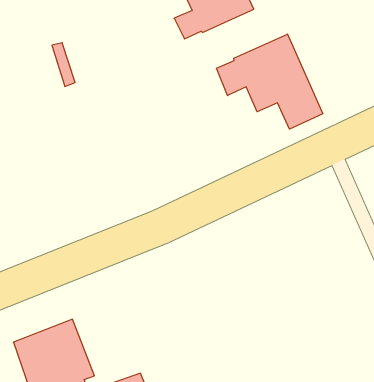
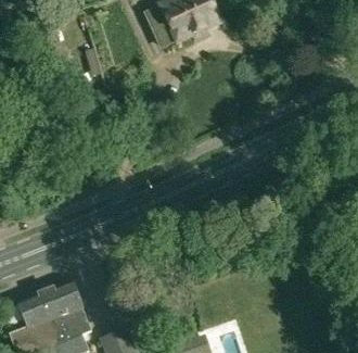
building: [216,34,323,129] -> none

